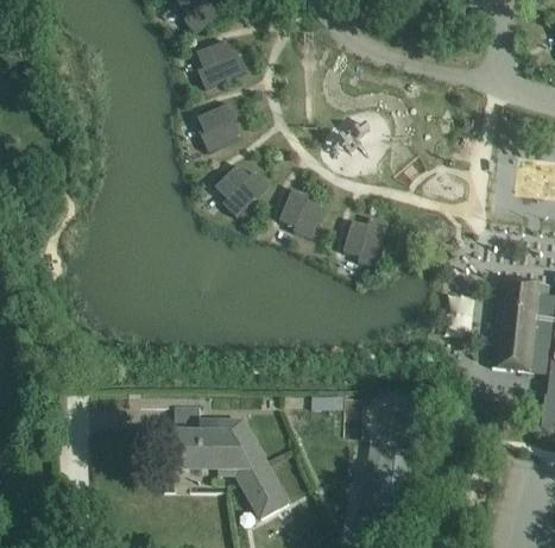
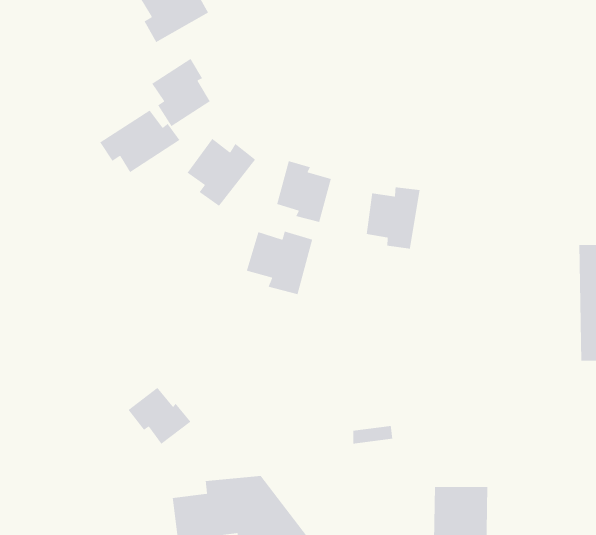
building: none -> [99,109,181,173]
building: none -> [246,230,313,295]
building: none -> [127,387,191,445]

